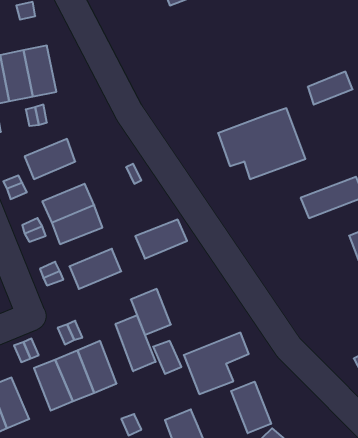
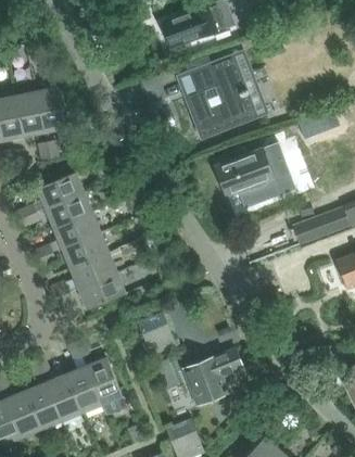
building: none -> [180,54,264,136]
building: none -> [46,192,92,229]
building: [135,220,187,259] -> [69,253,117,289]
building: [116,315,156,371] -> none
building: none -> [25,382,61,429]
building: [231,382,271,433] -> none

